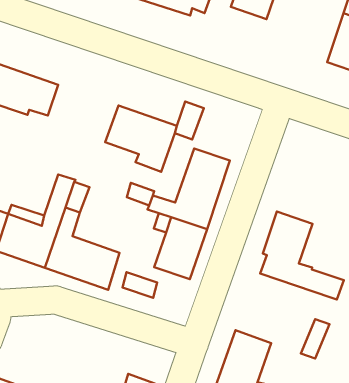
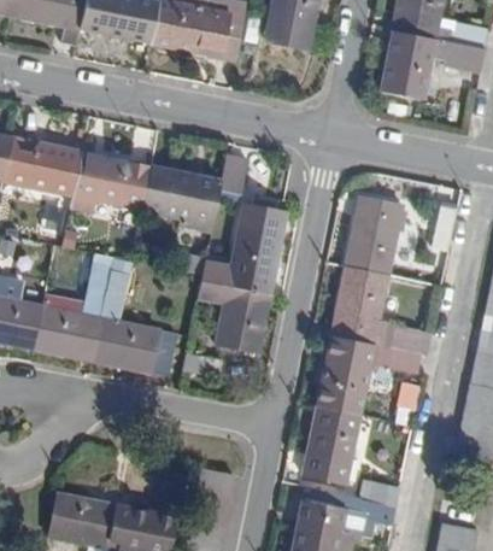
building: none -> [70,153,152,212]
building: none -> [346,197,403,272]
building: none -> [317,336,421,414]

